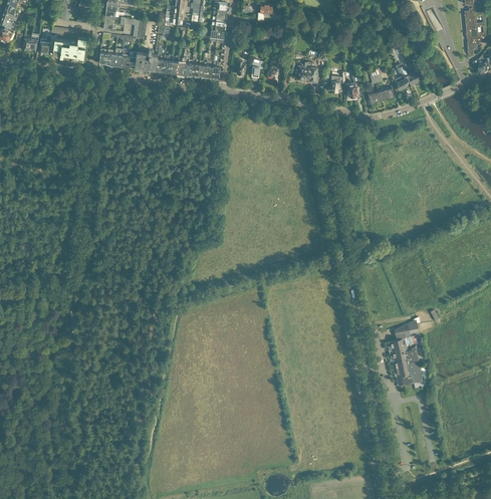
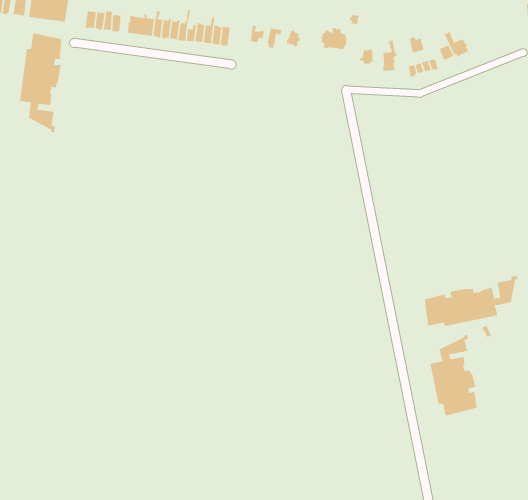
building: none -> [19,33,62,134]
building: none -> [424,275,518,327]

